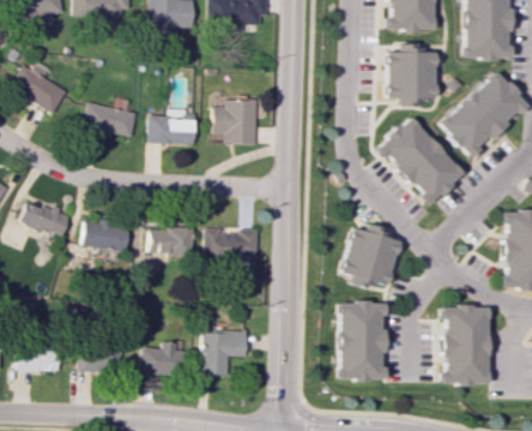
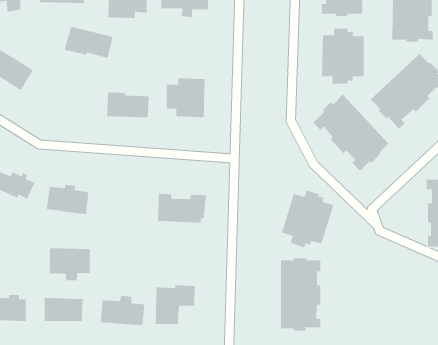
building: [83,101,138,137] -> [64,26,114,58]
building: [150,227,194,256] -> none
building: none -> [49,248,90,281]
building: [442,305,489,387] -> none

